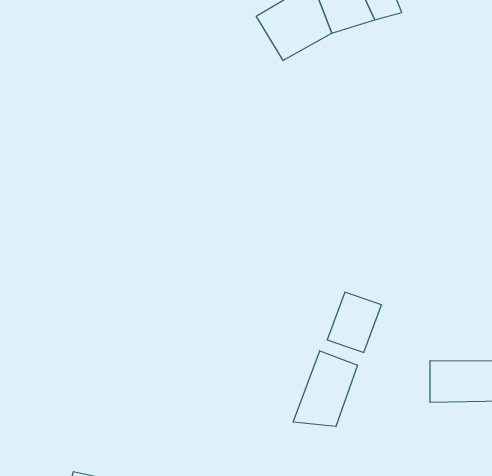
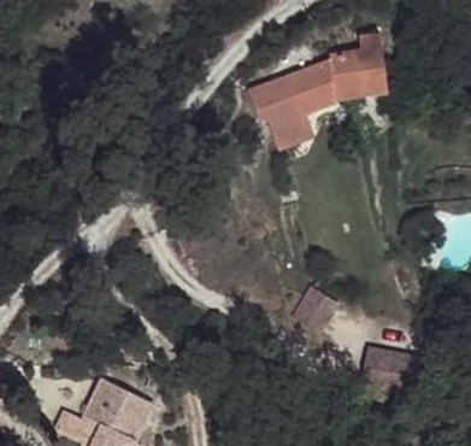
building: none -> [242,78,299,123]
building: [293,351,357,427] -> none

